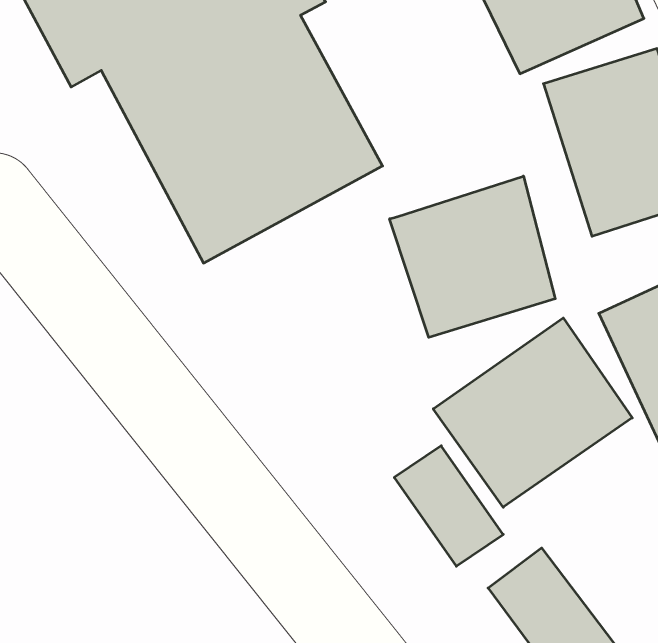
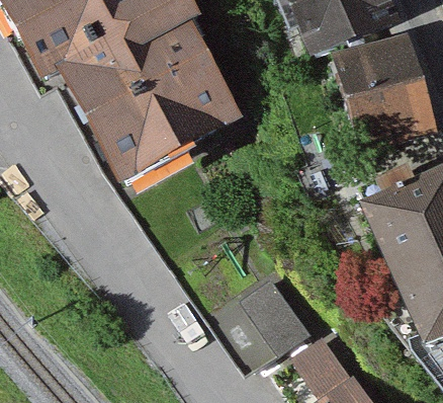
building: [390,176,555,337] -> none
building: [433,318,632,507] -> none

